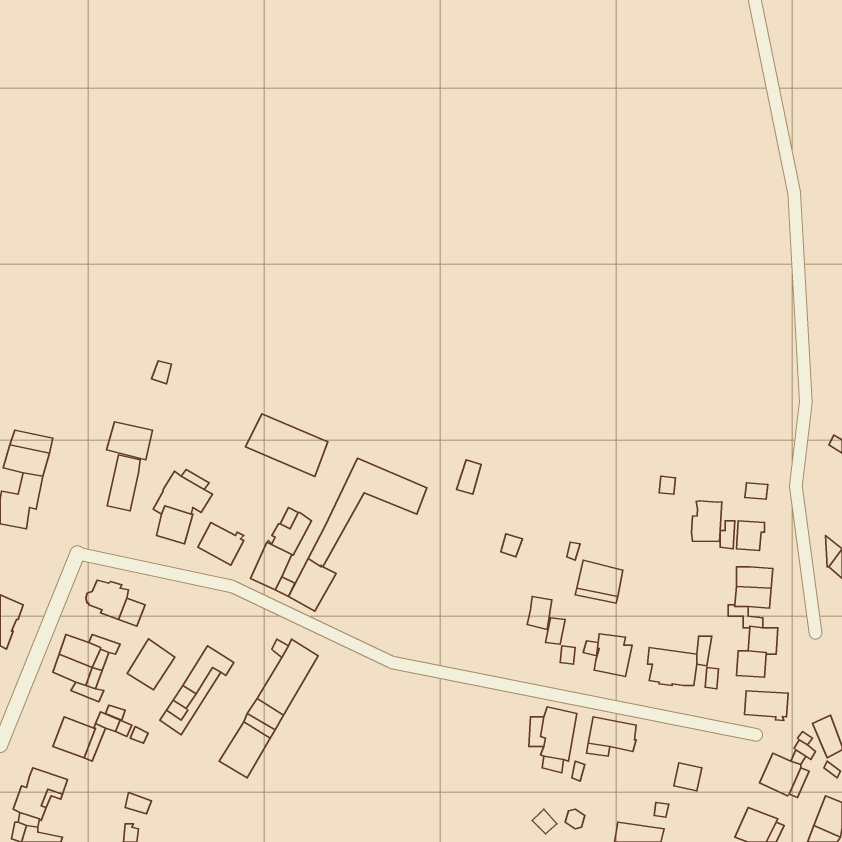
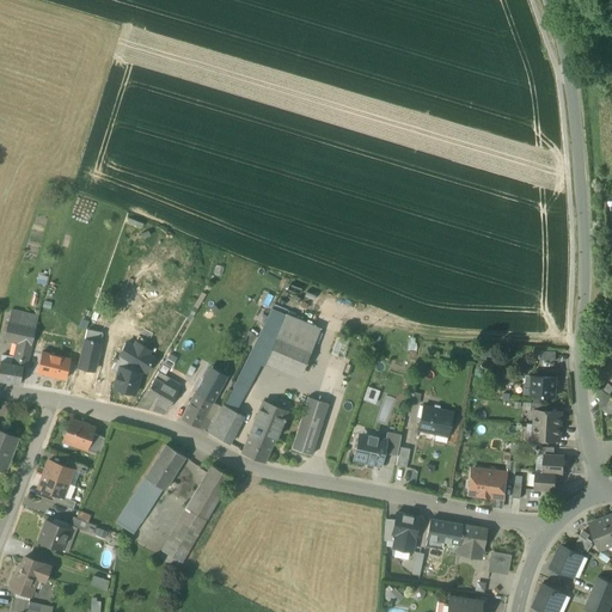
building: [245,414,328,477] -> [259,308,319,354]
building: [106,422,153,460] -> [36,353,69,380]
building: [692,501,722,542] -> none
building: none -> [292,397,328,455]
building: none -> [240,402,287,464]
building: none -> [354,435,385,466]
building: [594,634,632,677] -> [458,526,485,557]
building: [127,639,175,690] -> [151,443,185,481]
building: [745,691,788,721] -> none

